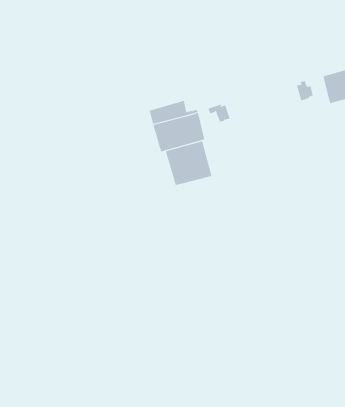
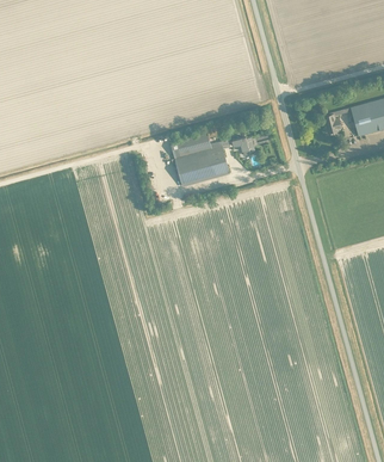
building: [165,140,212,186] -> none

